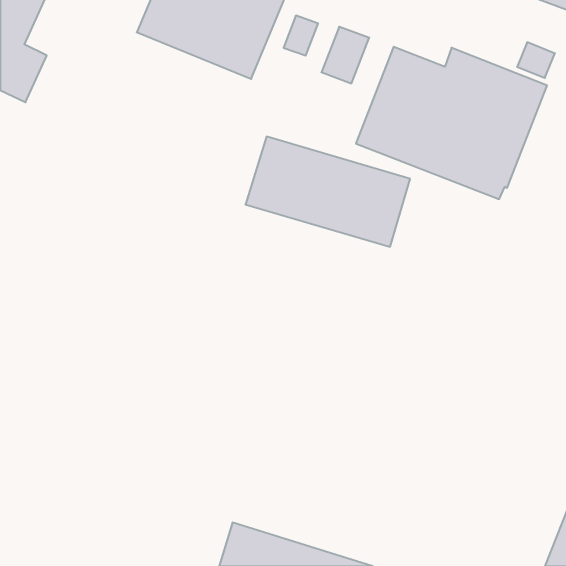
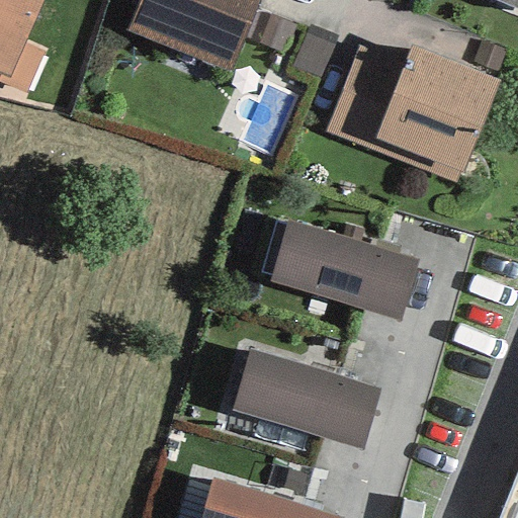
building: [245,137,410,247] -> [269,220,419,320]
building: none -> [232,349,382,449]

